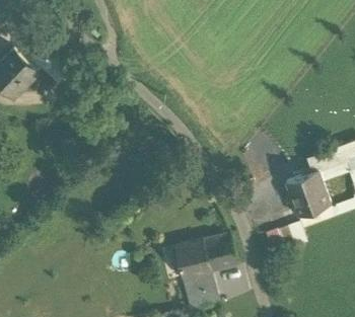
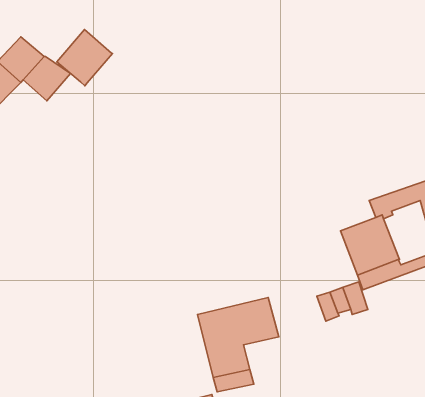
building: none -> [57,30,113,86]

